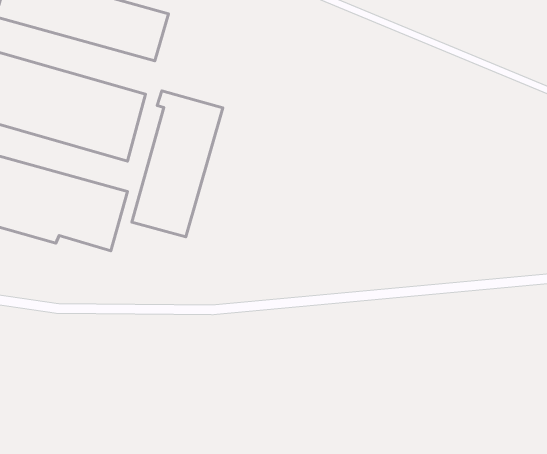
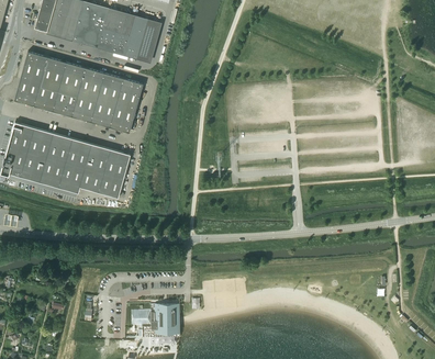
building: [132,91,223,237] -> none
building: none -> [131,304,180,337]

